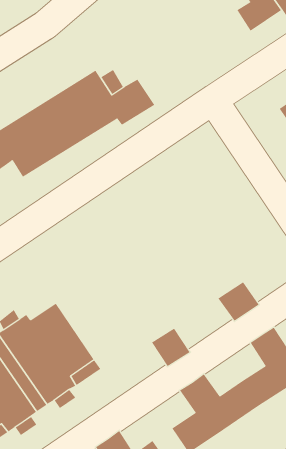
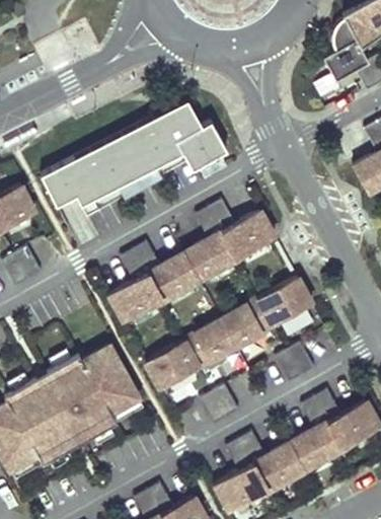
building: none -> [110,201,277,322]
building: none -> [146,278,314,390]

